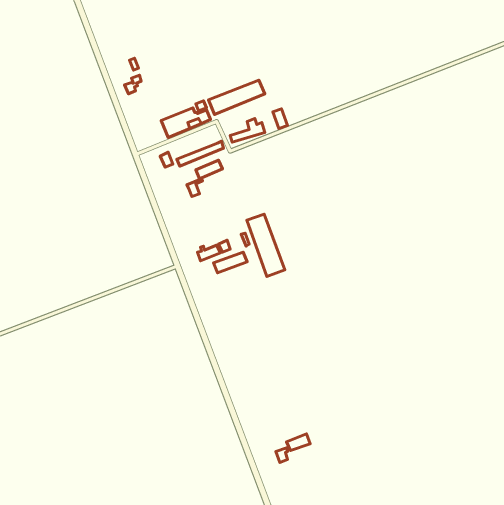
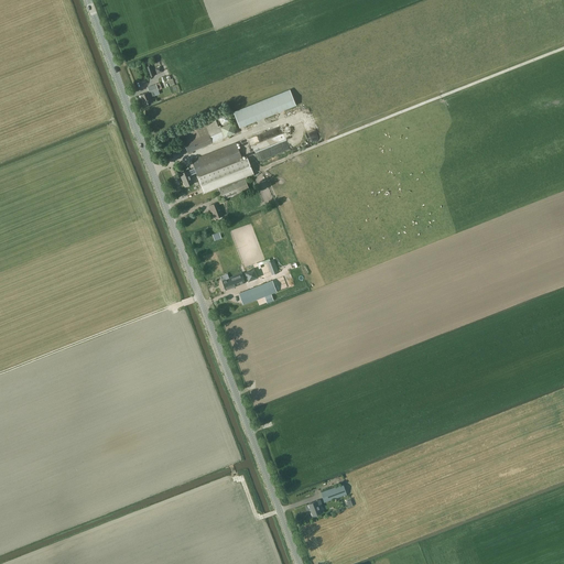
building: none -> [191,142,242,177]
building: [247,214,285,276] -> none

